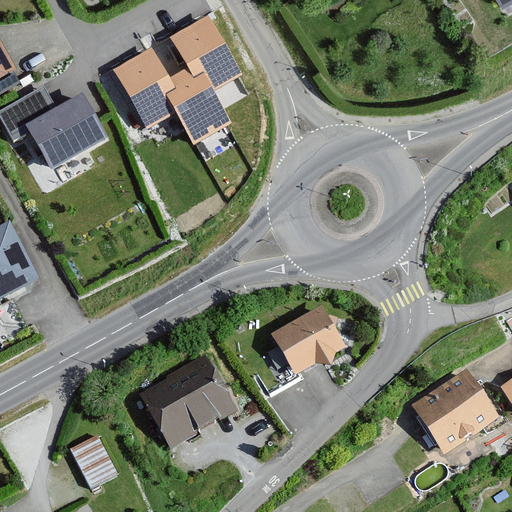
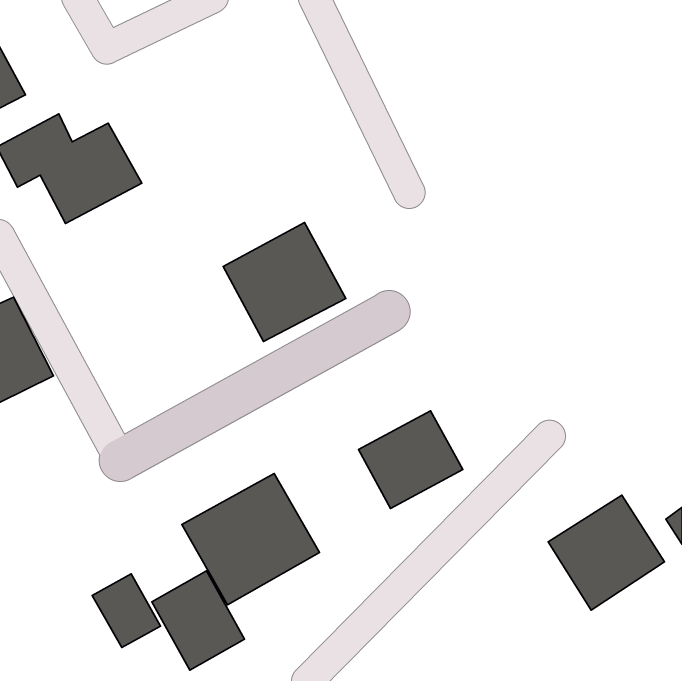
building: [111,12,242,144] -> none
building: none -> [223,223,346,342]
building: none -> [152,571,245,670]

